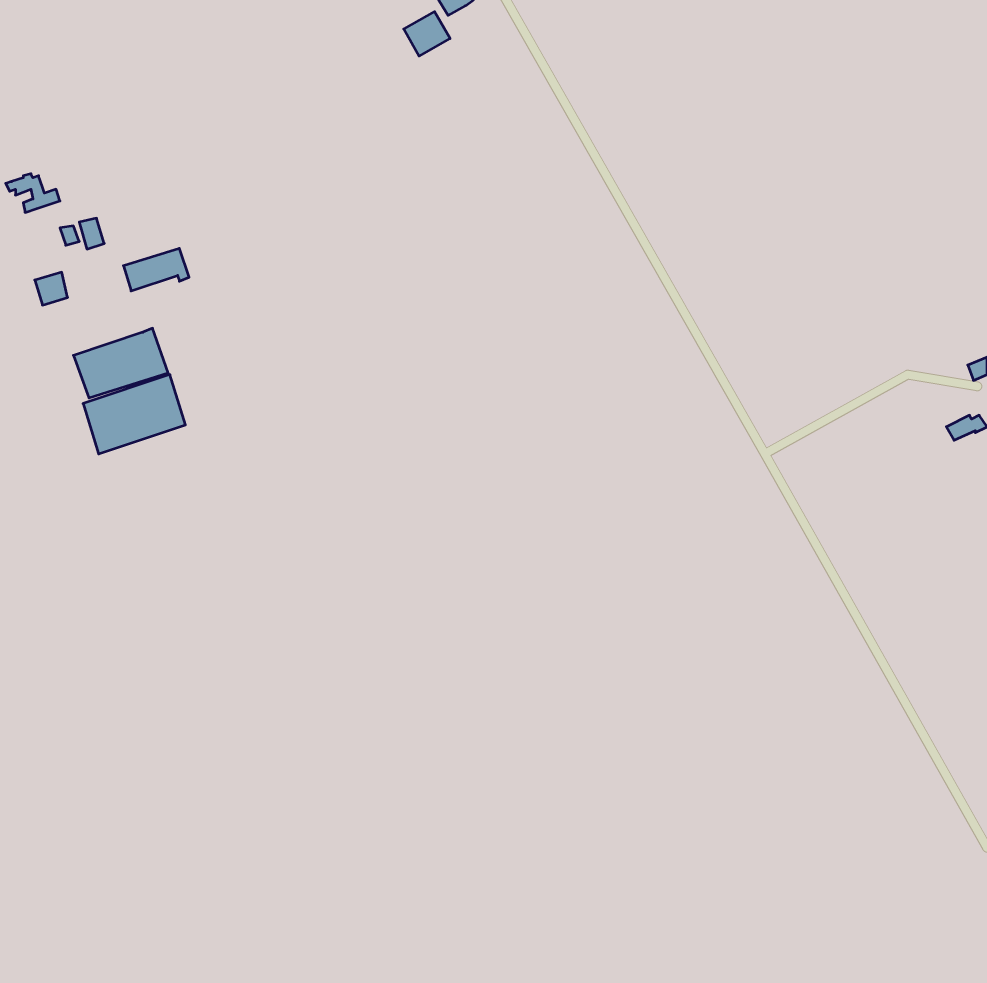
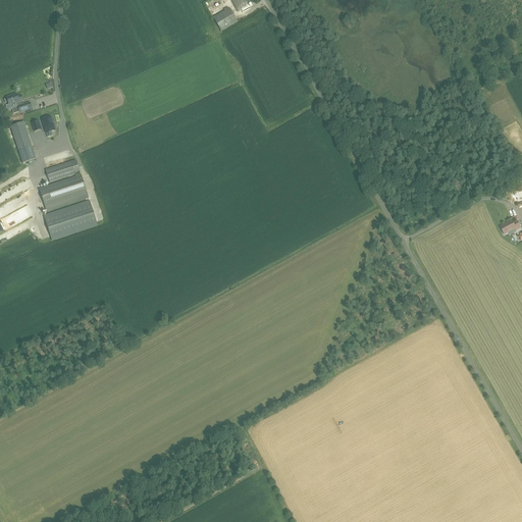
building: none -> [10,119,33,148]
building: [123,248,189,291] -> [46,158,81,180]

